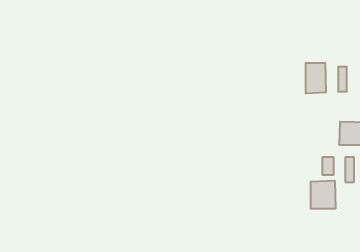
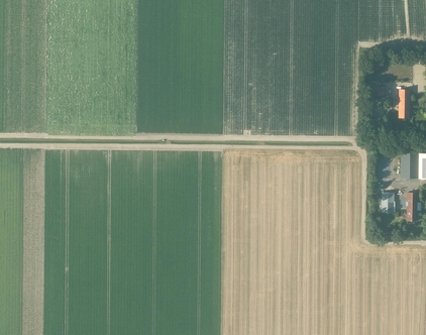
building: [306,63,326,94] -> none
building: [311,181,335,209] -> none

